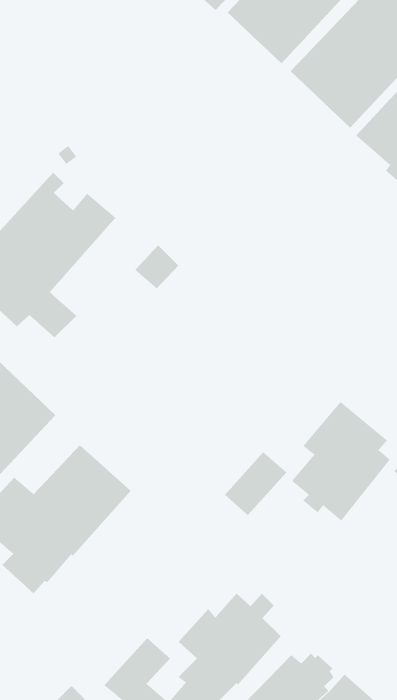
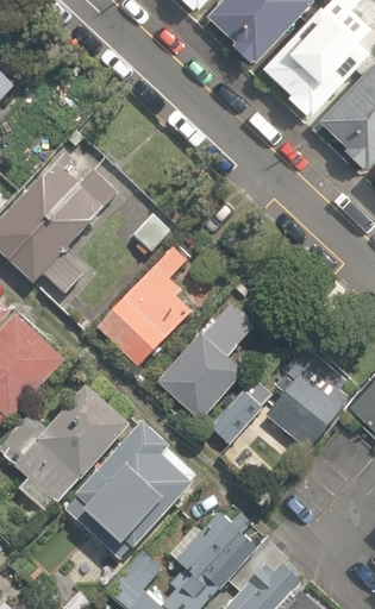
building: none -> [93,246,190,369]
building: none -> [155,306,252,421]
building: none -> [64,420,195,558]

